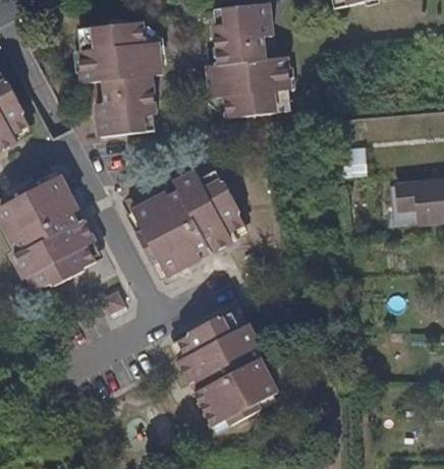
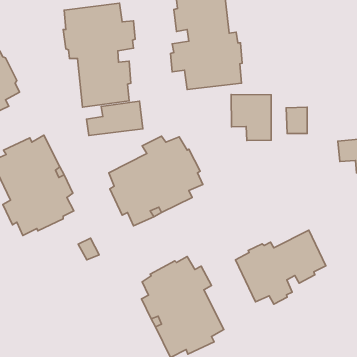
building: none -> [231,95,271,140]
building: none -> [86,101,143,136]
building: none -> [235,230,326,304]

